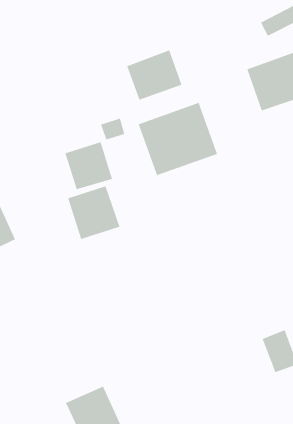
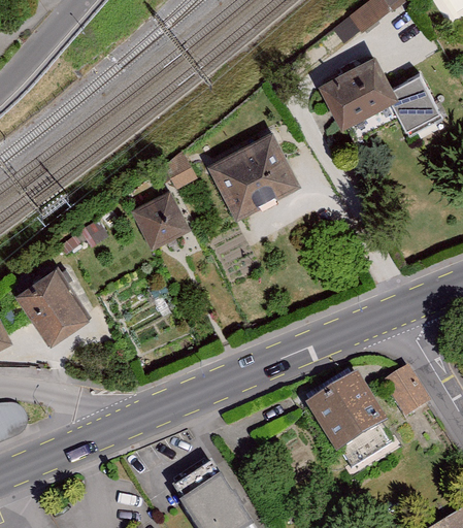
building: [127,49,182,100] -> none
building: [67,185,120,240] -> none
building: none -> [303,373,393,475]

